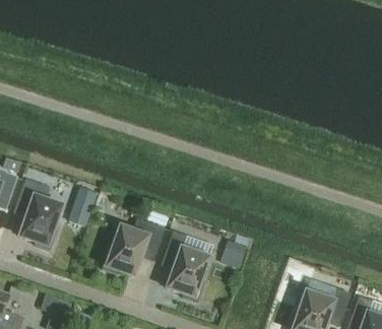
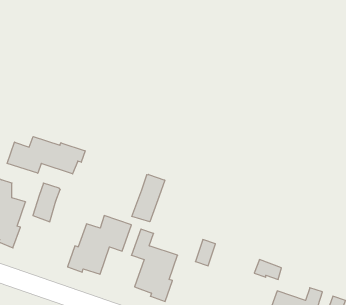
building: none -> [7,137,85,174]
building: none -> [132,174,165,222]

